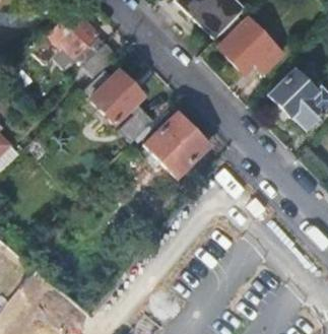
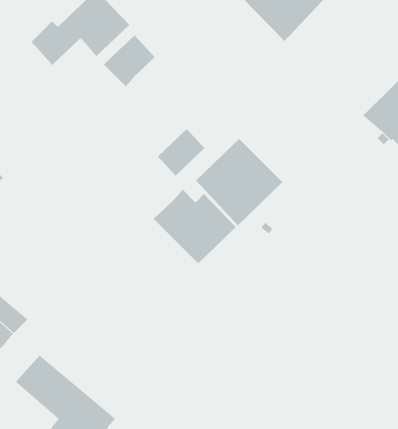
building: [217,22,283,79] -> none
building: [84,70,144,124] -> [153,189,237,264]

